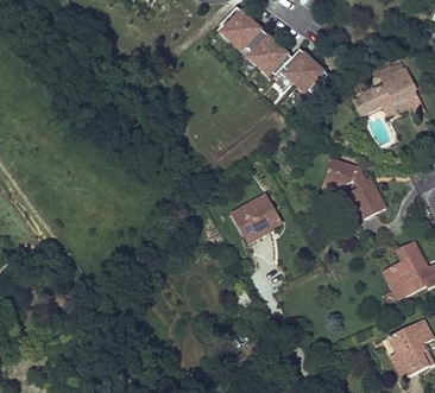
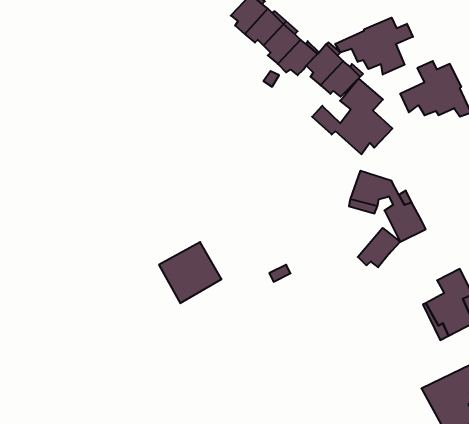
building: none -> [335,18,413,75]
building: none -> [312,78,392,154]
building: [231,192,283,243] -> [159,242,222,303]
building: none -> [358,228,400,267]

